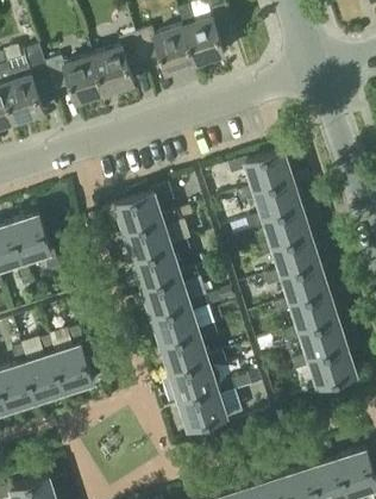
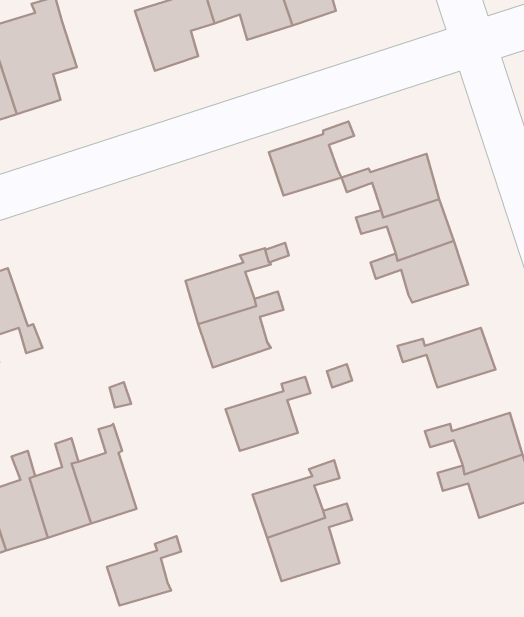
building: [44,56,105,104] -> none
building: [115,185,171,233] -> [269,121,354,196]
building: [8,216,58,272] -> none
building: [255,236,319,276] -> none
building: [143,268,199,318] -> none
building: [272,292,338,332] -> none
building: [161,324,217,374] -> none
building: none -> [107,536,181,605]

